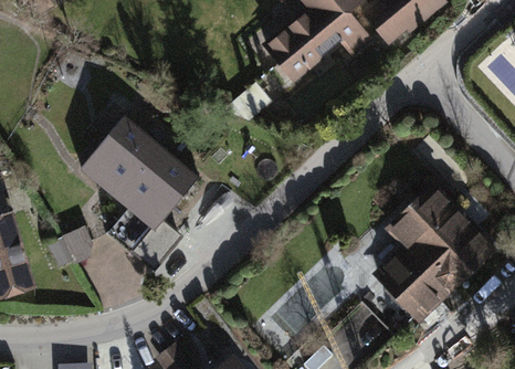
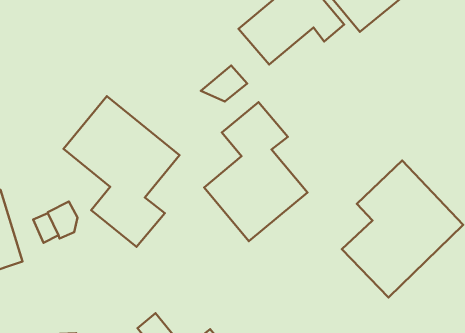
building: none -> [204,102,308,241]

